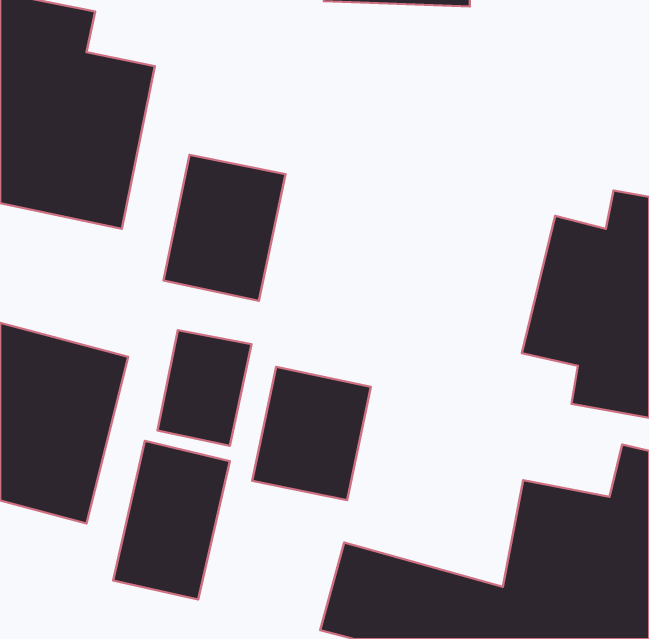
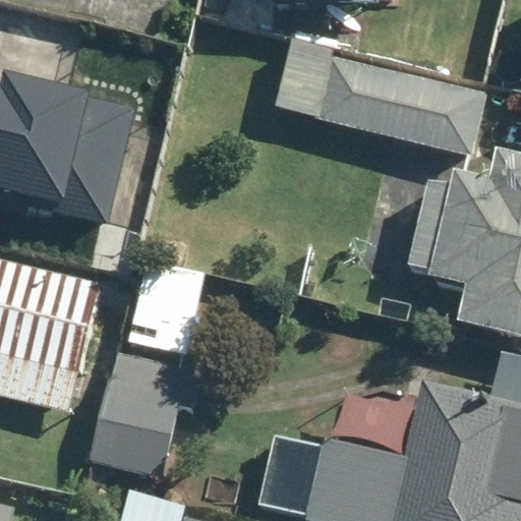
building: none -> [319,50,484,157]
building: [163,155,285,301] -> none
building: [252,367,371,500] -> none

